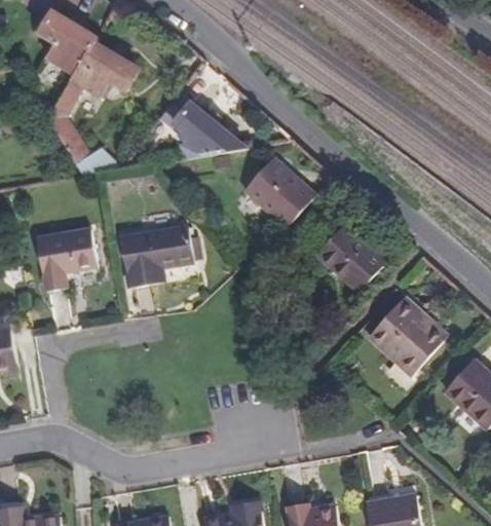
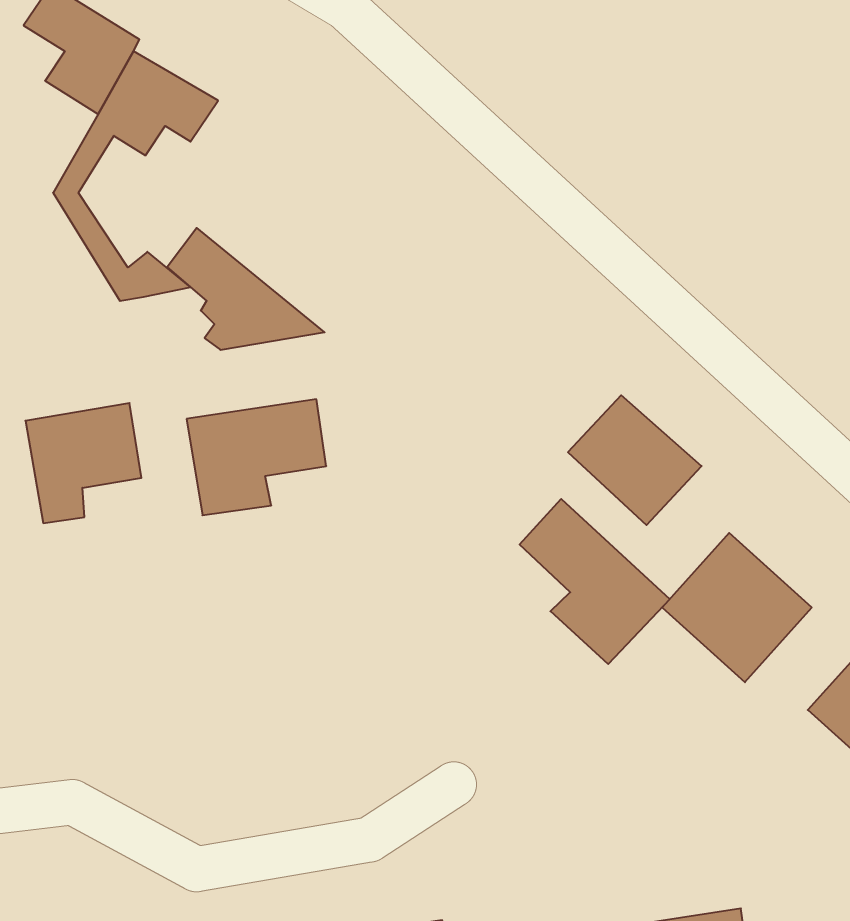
building: [164,91,247,155] -> [167,228,325,350]
building: [245,156,316,227] -> none
building: none -> [520,499,670,664]

